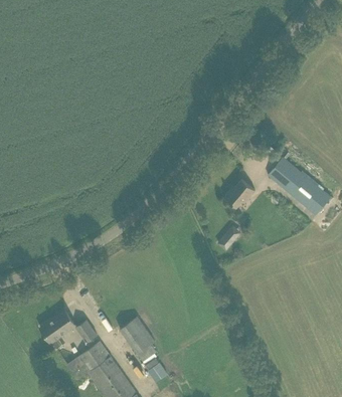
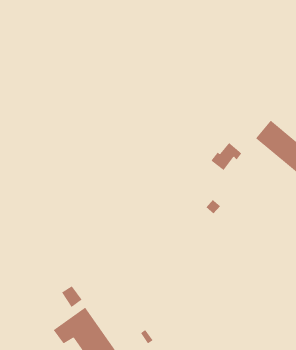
building: [40,311,75,349] -> none
building: [120,317,156,362] -> none

